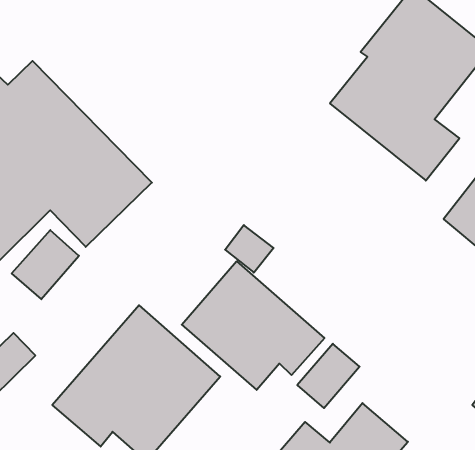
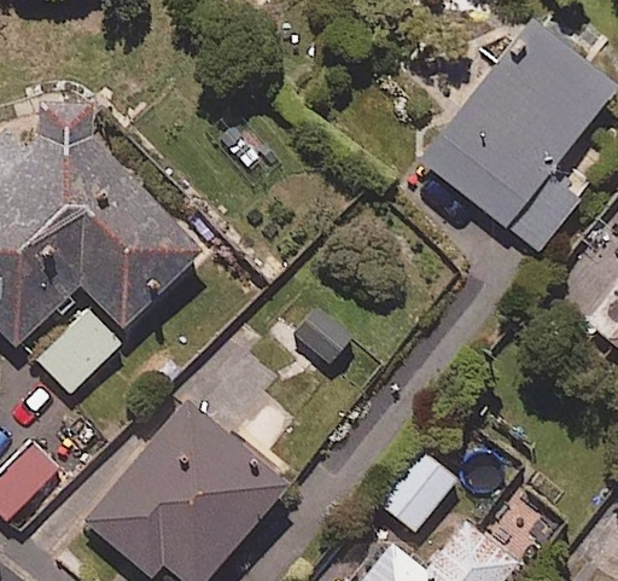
building: [182,261,324,390] -> none

